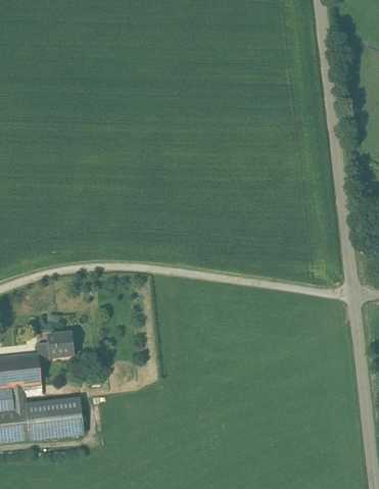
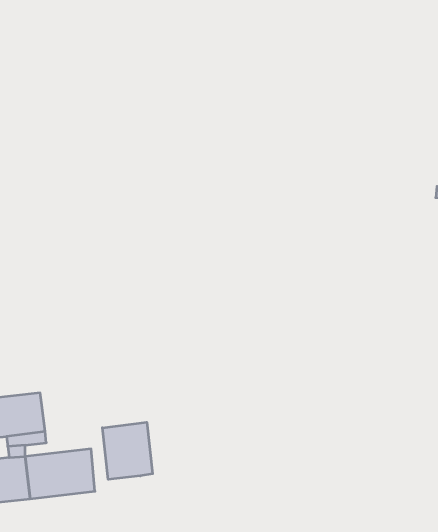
building: [37,331,74,359] -> none
building: none -> [102,422,153,479]

